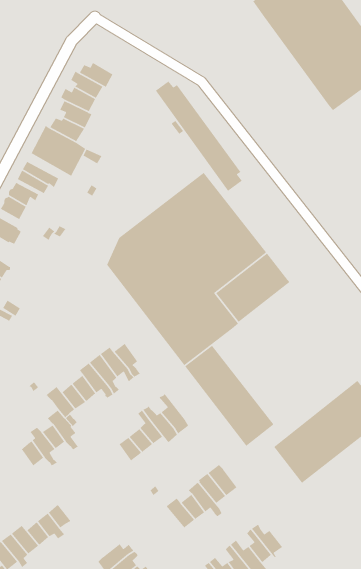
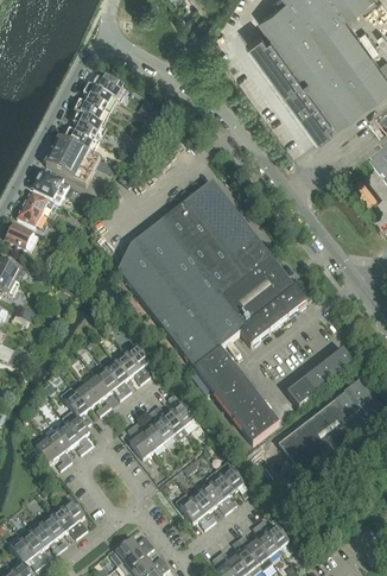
building: [155,80,243,192] -> [247,29,331,135]
building: none -> [239,286,305,346]
building: none -> [286,349,354,407]

